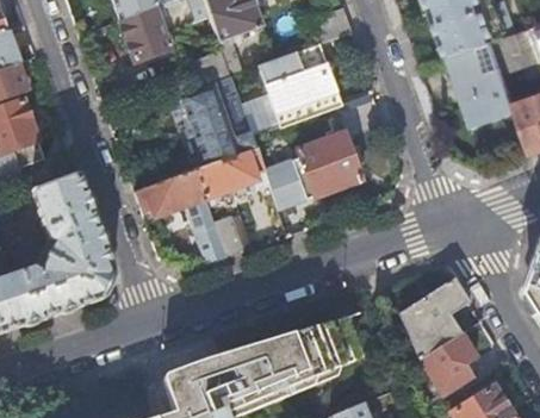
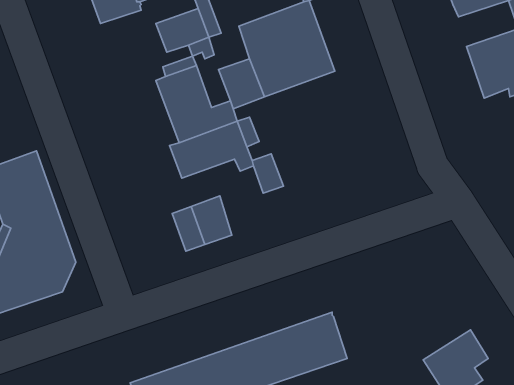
building: [296,131,360,198] -> none
building: [135,169,206,216] -> none
building: [397,275,468,358] -> none

